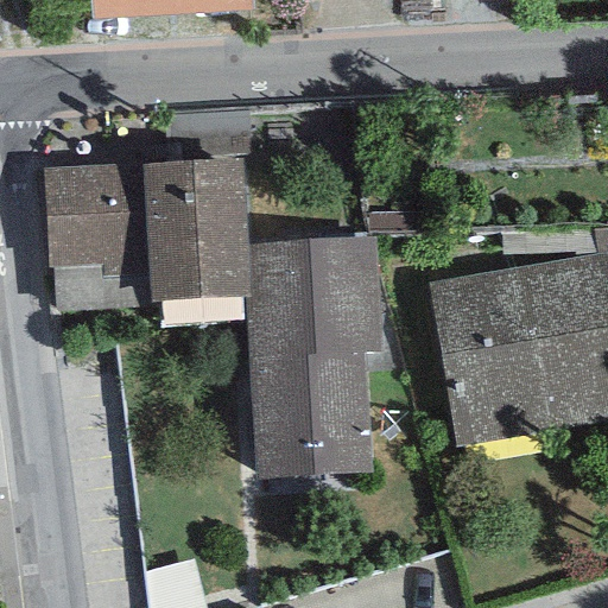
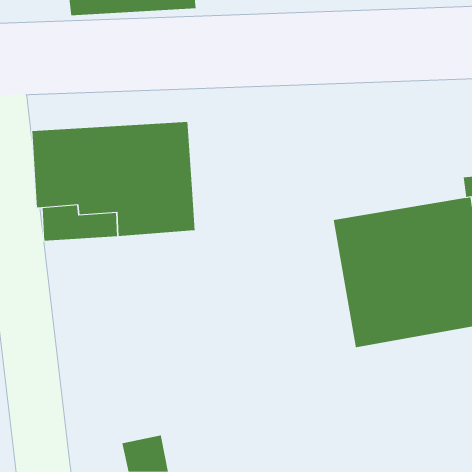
building: [246,234,382,477] -> none

